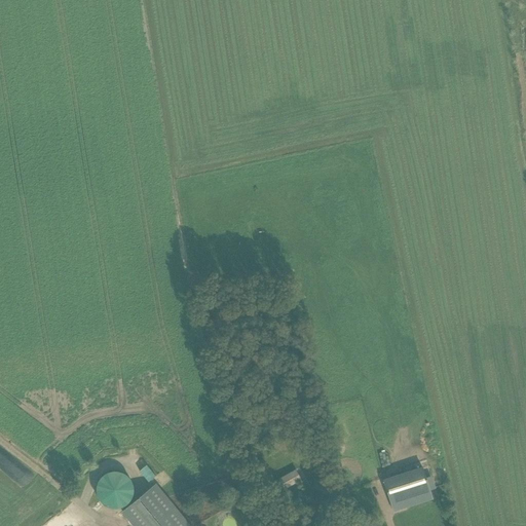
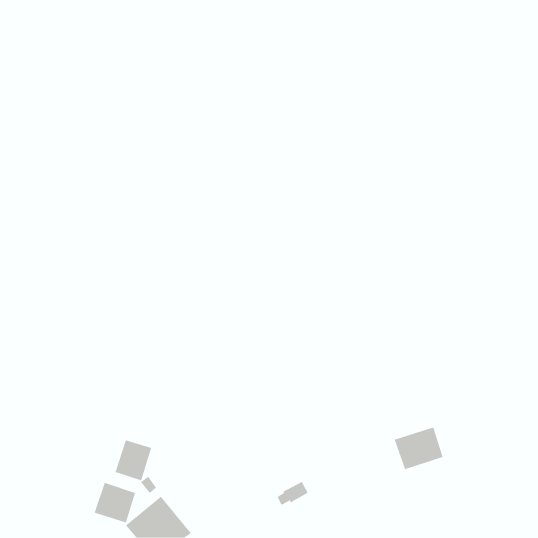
building: none -> [115,440,152,481]
building: [383,468,431,511] -> [394,427,443,470]

